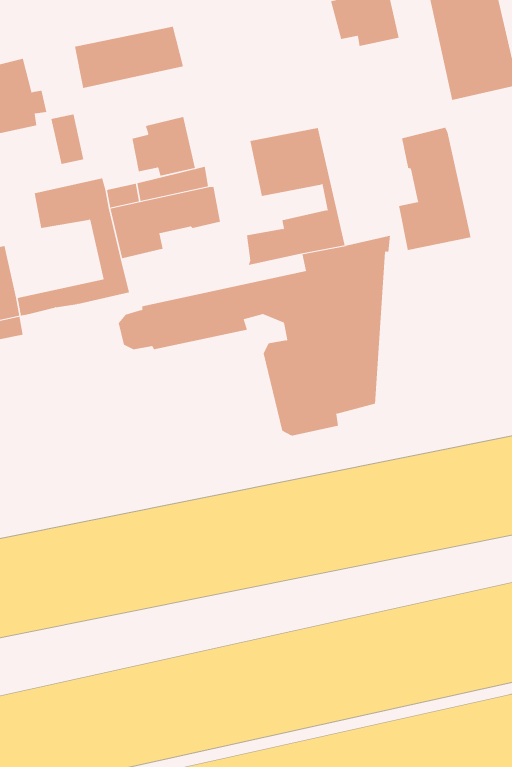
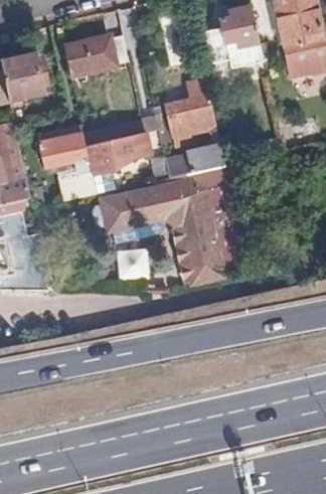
building: [132,116,196,177] -> none
building: [399,127,471,251] -> none
building: none -> [116,245,147,277]

